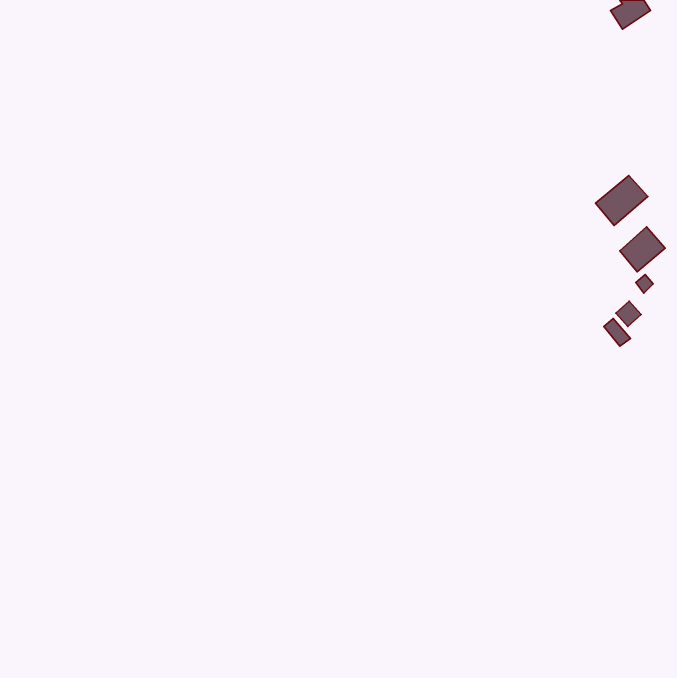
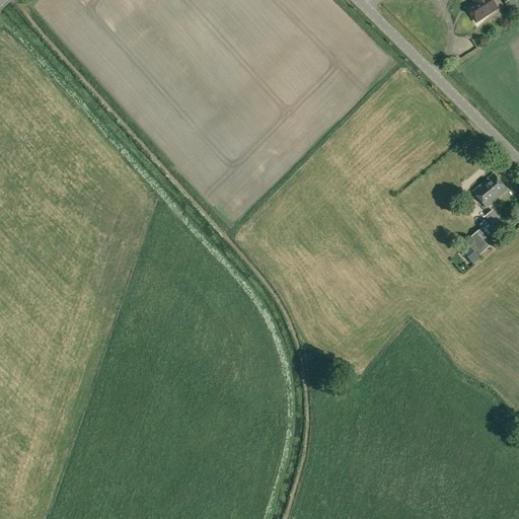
building: [596,176,648,225] -> none

